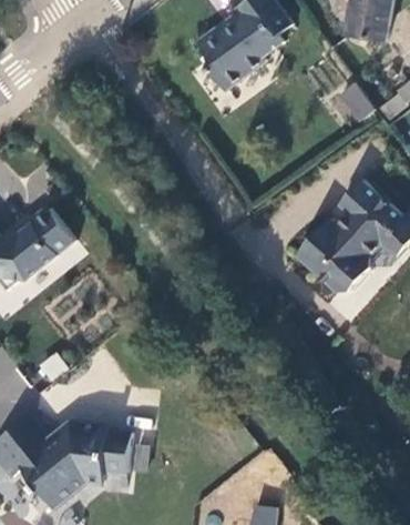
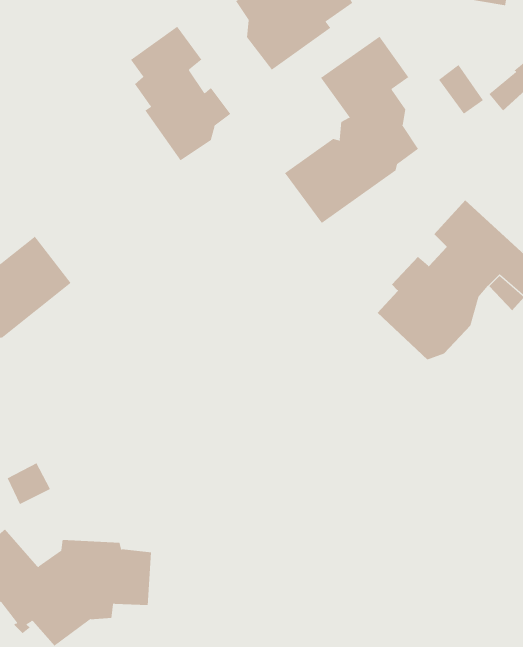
building: none -> [130,26,231,161]
building: none -> [284,36,419,224]

